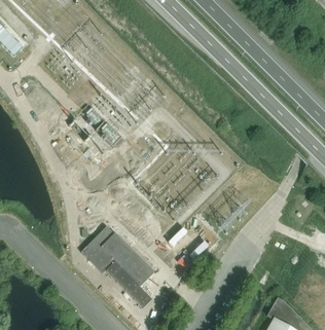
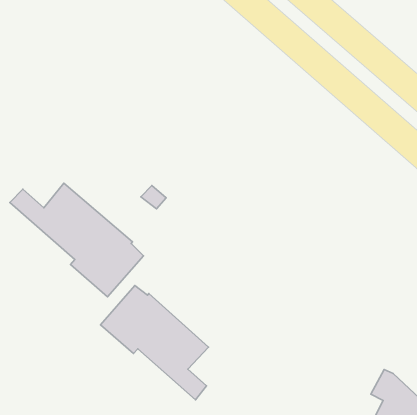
building: none -> [10,183,144,297]

